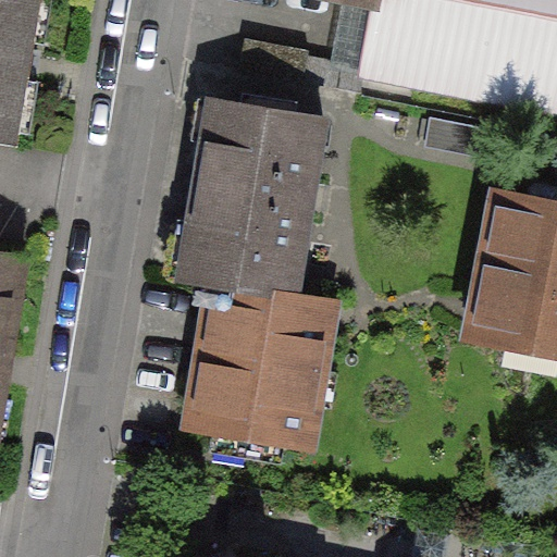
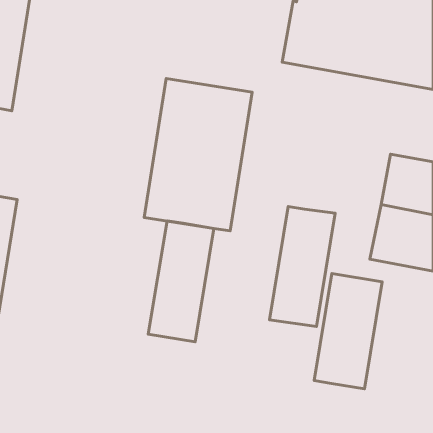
building: [249,292,333,445] -> [270,206,335,327]
building: none -> [314,274,382,389]

